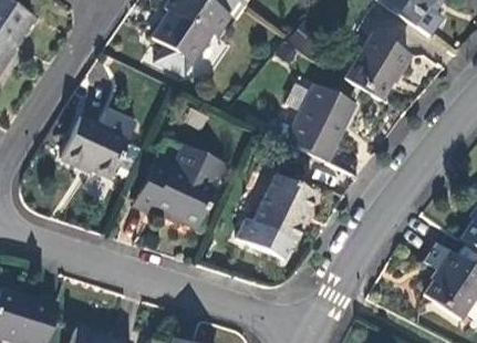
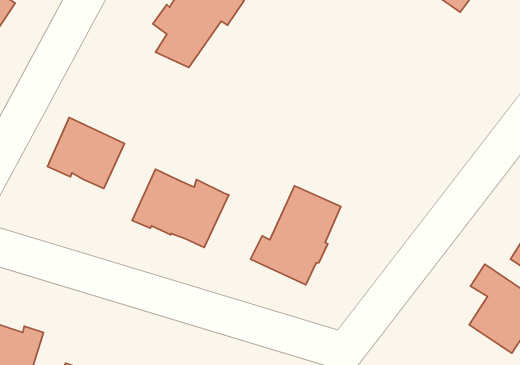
building: [344,31,412,97] -> none
building: [287,83,357,160] -> none
building: [175,144,225,180] -> none

